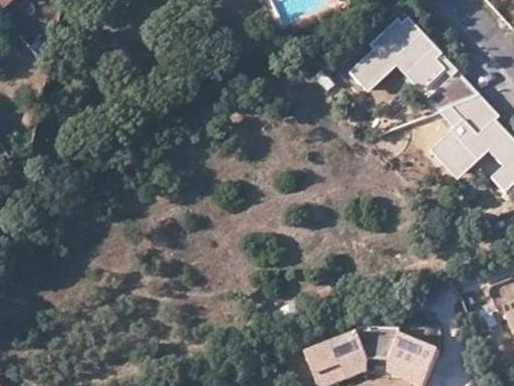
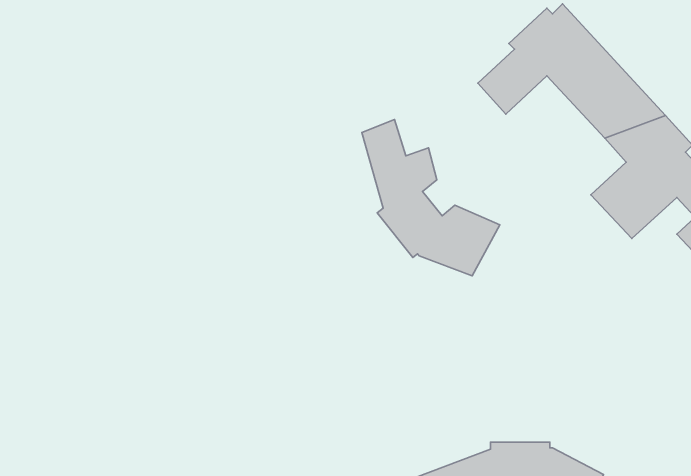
building: none -> [362,120,500,276]

